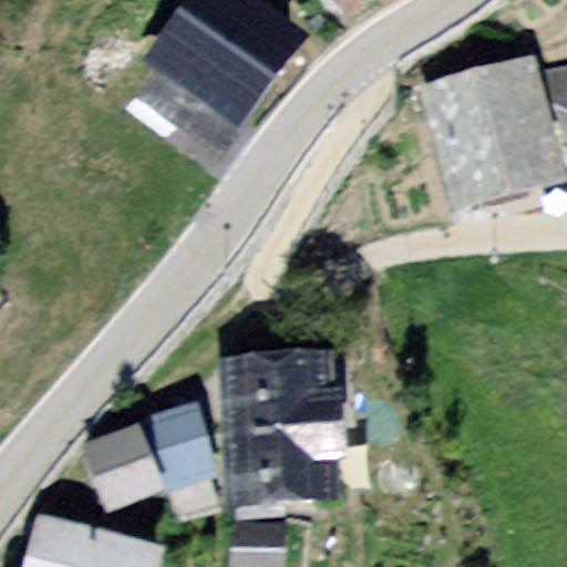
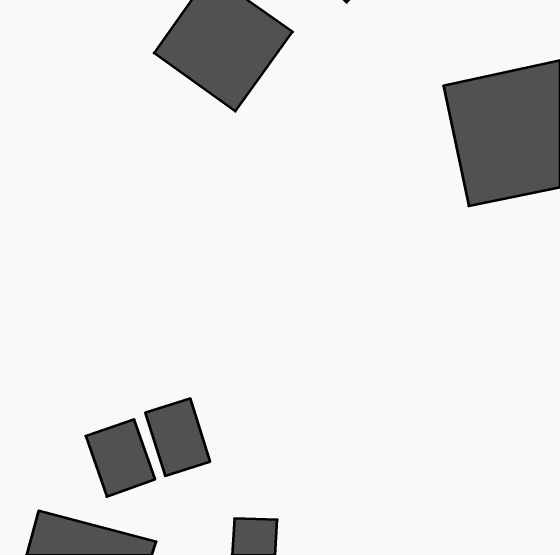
building: [217,351,333,493] -> none

